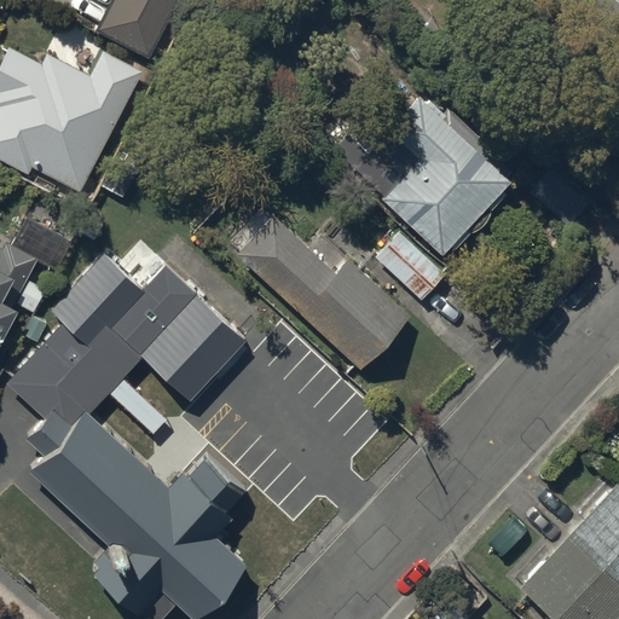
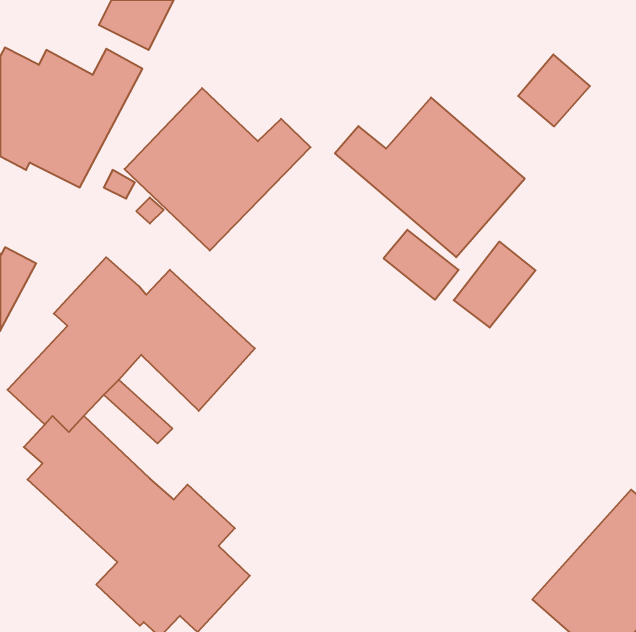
building: none -> [518,54,590,126]
building: none -> [124,88,311,251]
building: [235,215,410,372] -> none
building: none -> [454,242,536,328]

